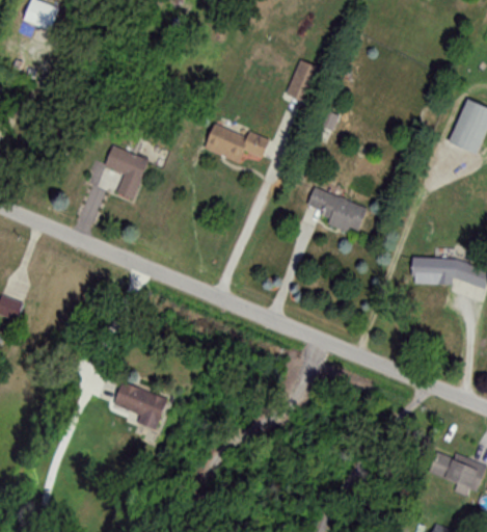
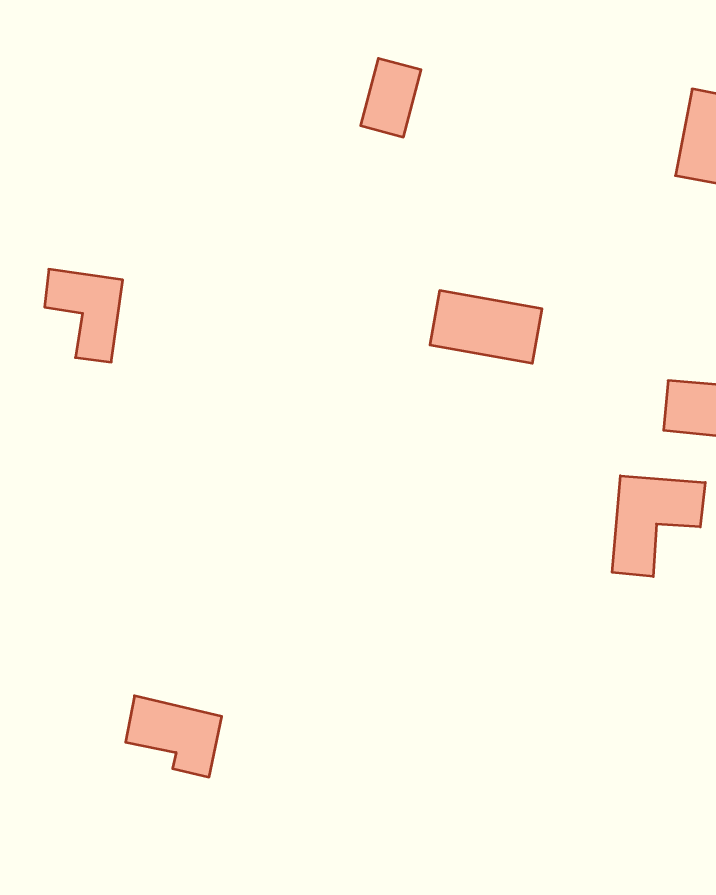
building: [202,122,269,162] -> none
building: none -> [612,476,705,577]

